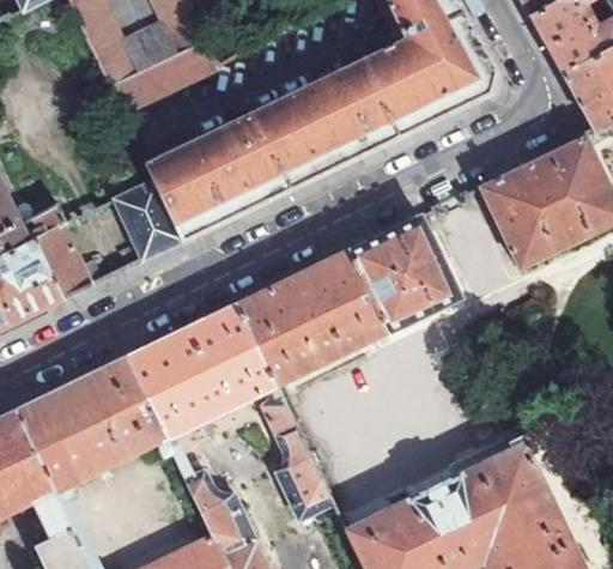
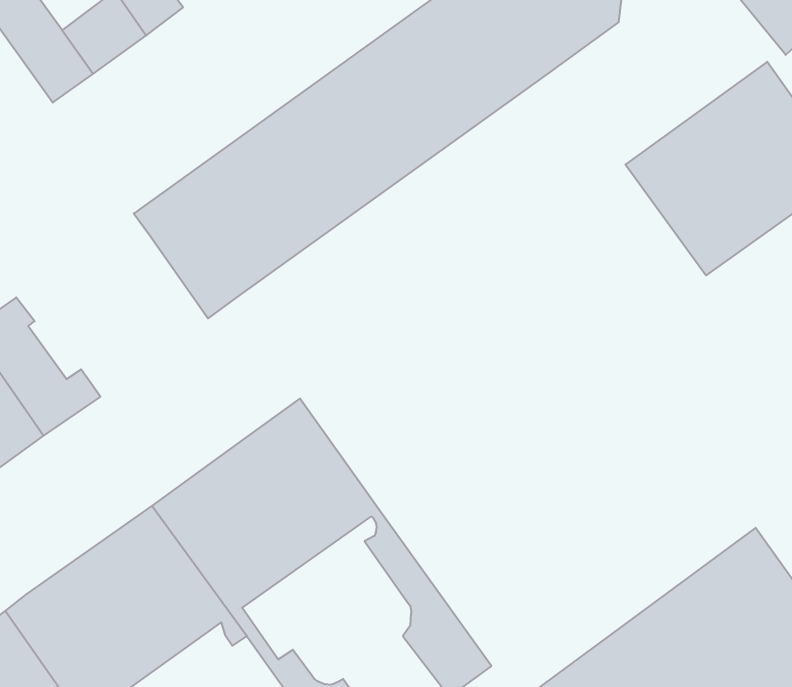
building: [107,32,216,104] -> none
building: [114,180,184,268] -> none
building: [236,214,460,387] -> none

